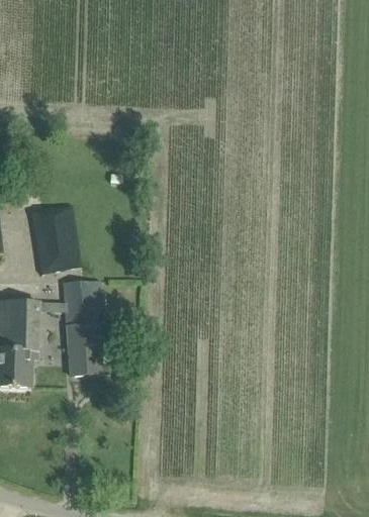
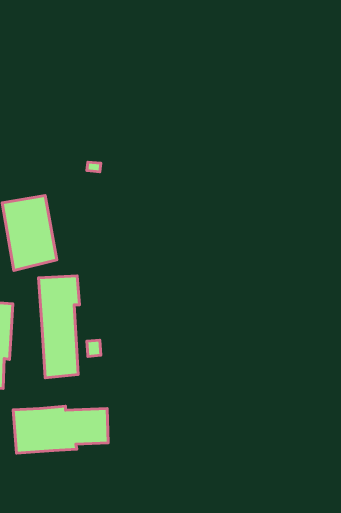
building: none -> [13,406,108,453]

